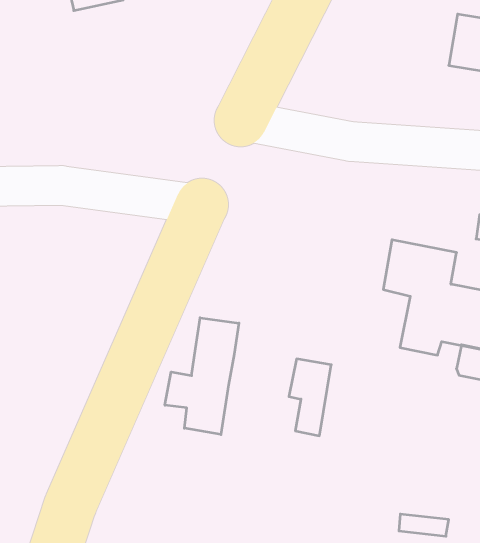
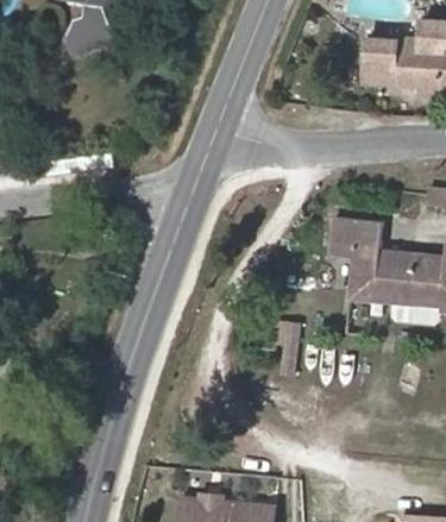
building: [165,318,239,435] -> none

